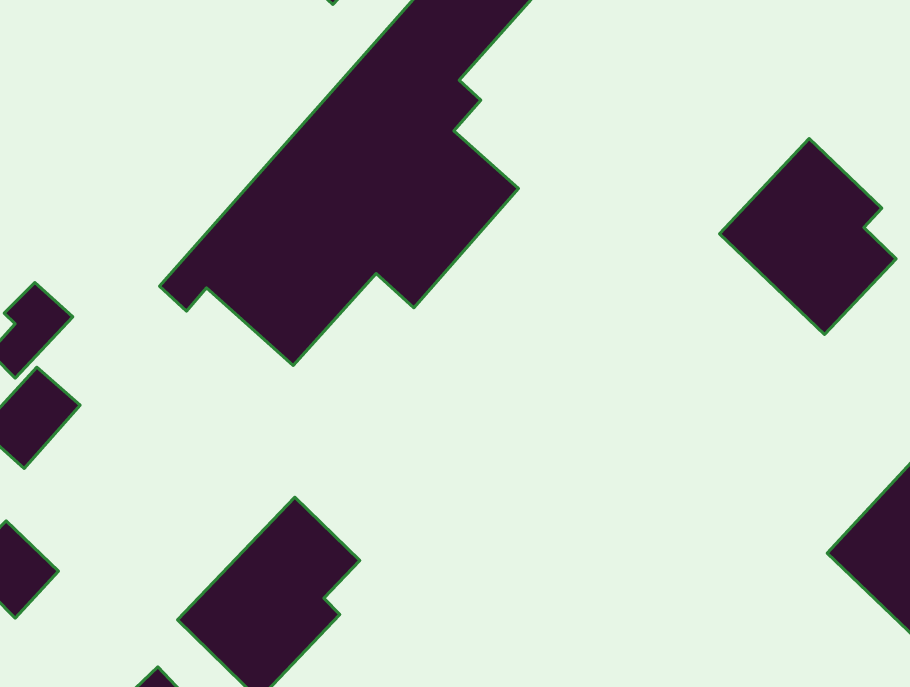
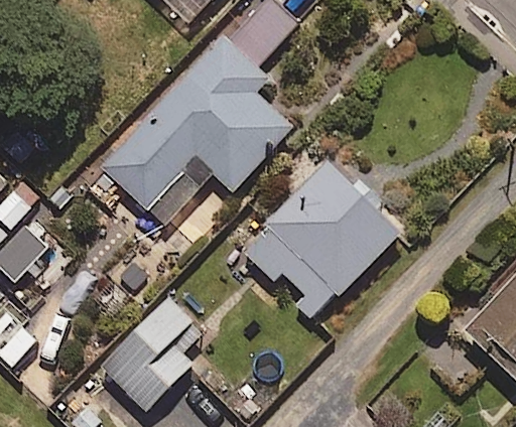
building: [720,139,896,335] -> none
building: none -> [239,141,401,323]

